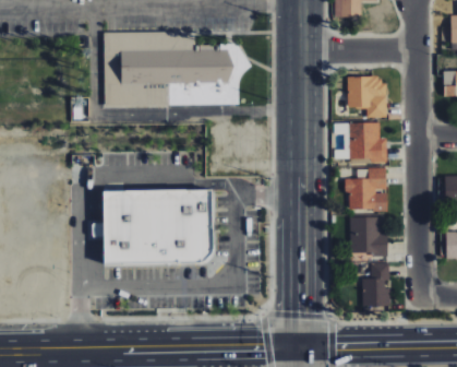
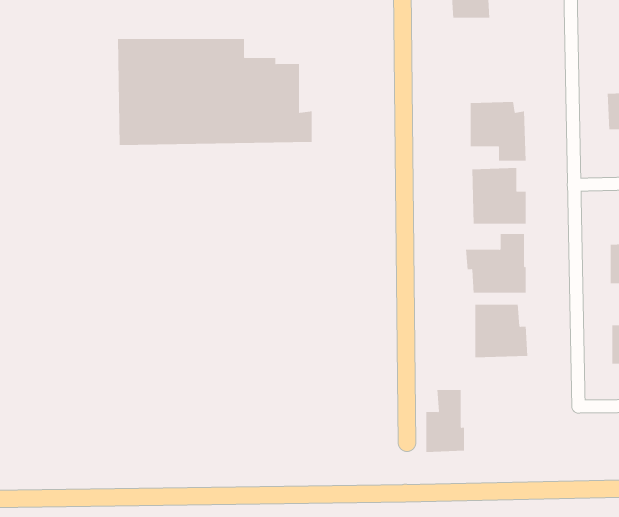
building: [101,190,212,263] -> none
building: [363,263,390,307] -> [425,390,465,452]

